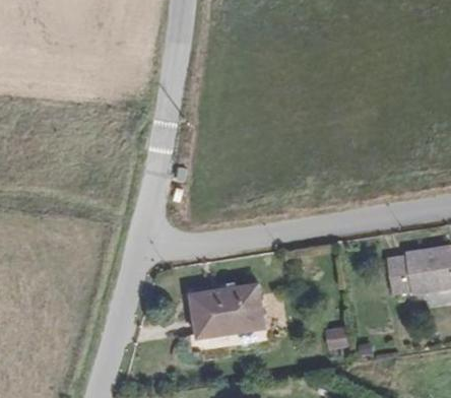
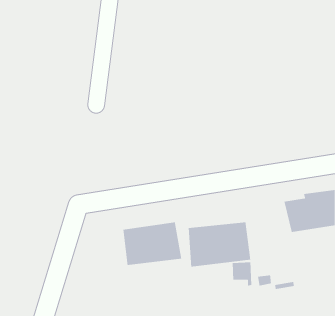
building: none -> [188,222,251,268]

